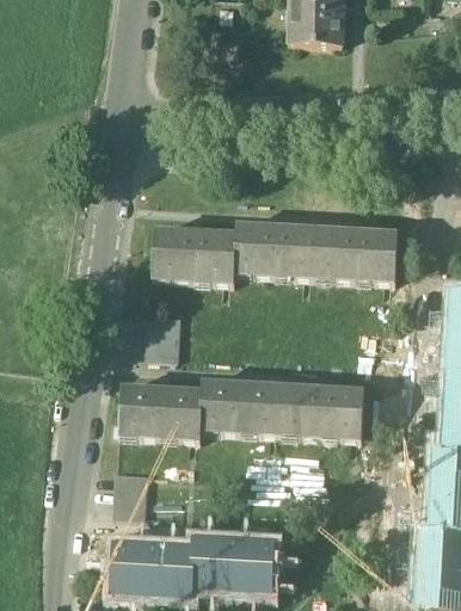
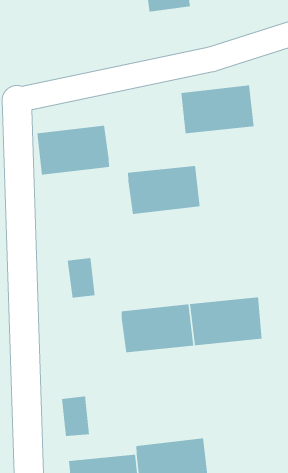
building: [314,227,398,279] -> [180,85,255,134]
building: [153,228,235,280] -> [37,125,110,175]
building: [121,384,202,438] -> none

